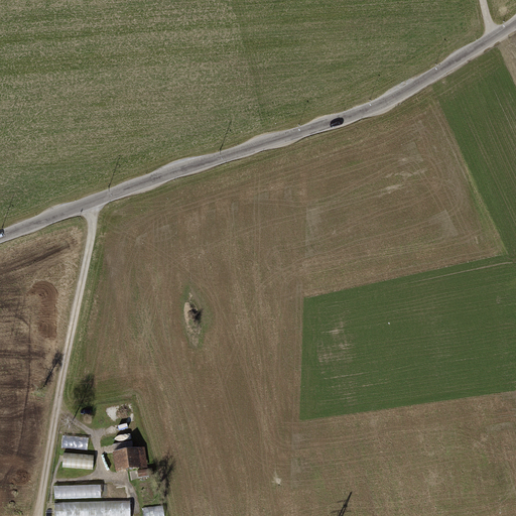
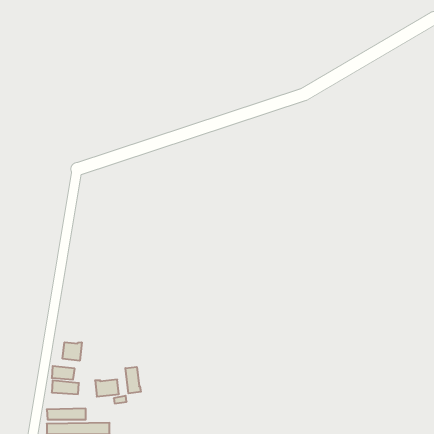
building: none -> [63,342,82,361]
building: none -> [125,367,141,393]

